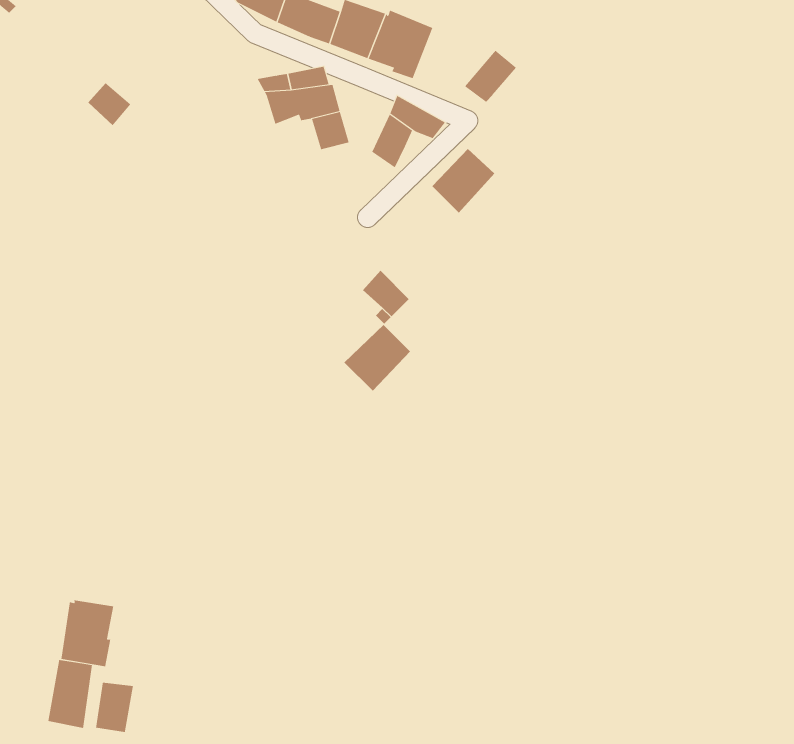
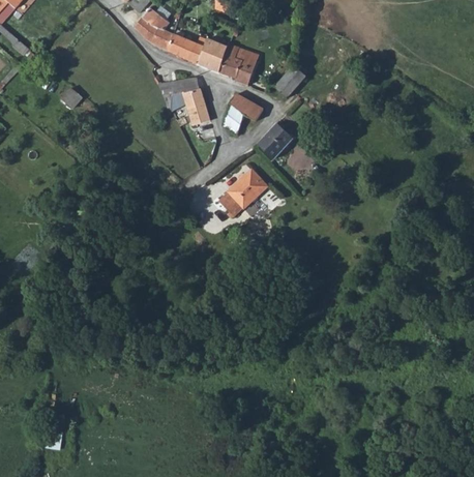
building: [344,324,411,391] -> [228,170,266,208]
building: [61,600,114,667] -> none
building: [96,682,133,733] -> none

